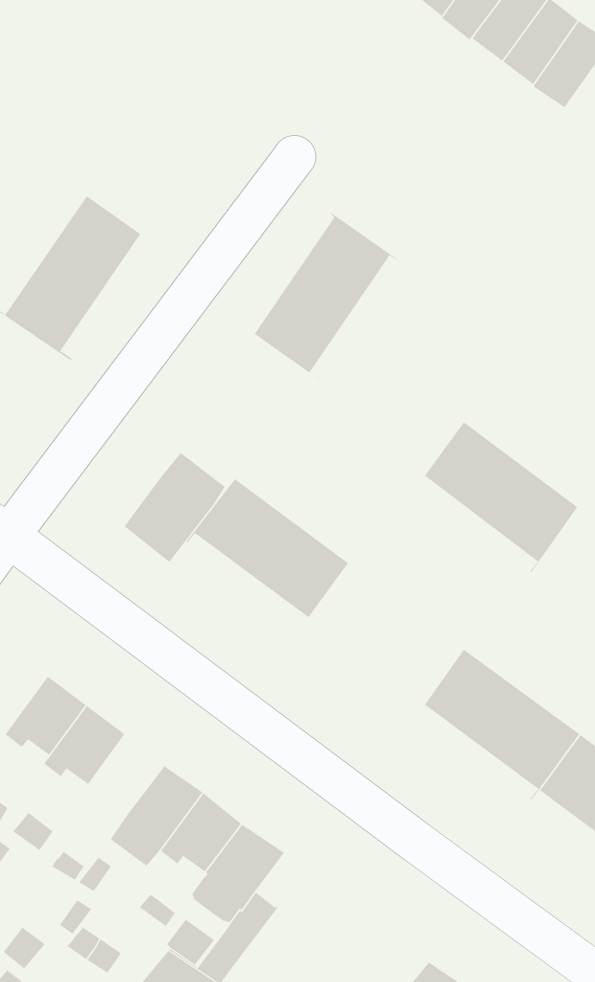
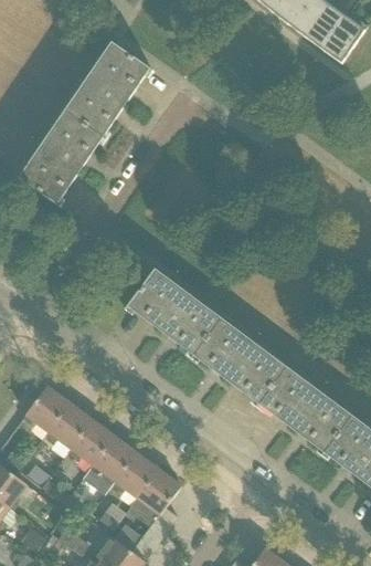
building: [254,211,402,381] -> [68,42,152,138]
building: [417,421,578,573] -> [191,321,283,407]
building: [124,452,225,563] -> none
building: none -> [67,418,113,463]

